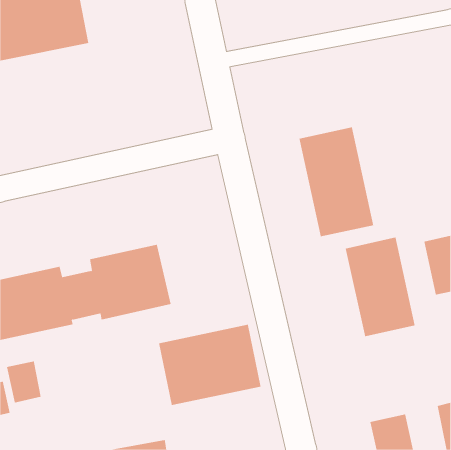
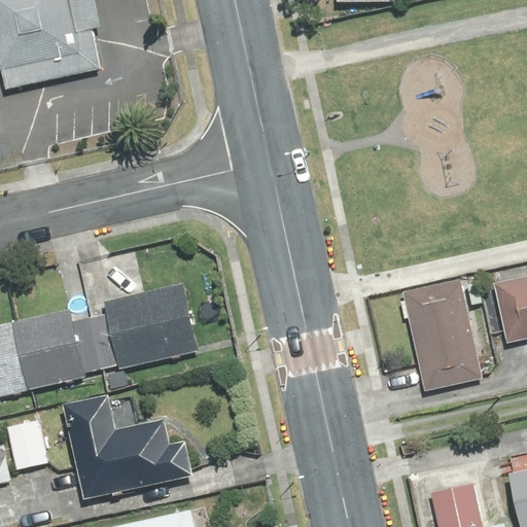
building: [299,126,374,237] -> none
building: [159,324,261,406] -> none
building: none -> [64,396,195,501]

